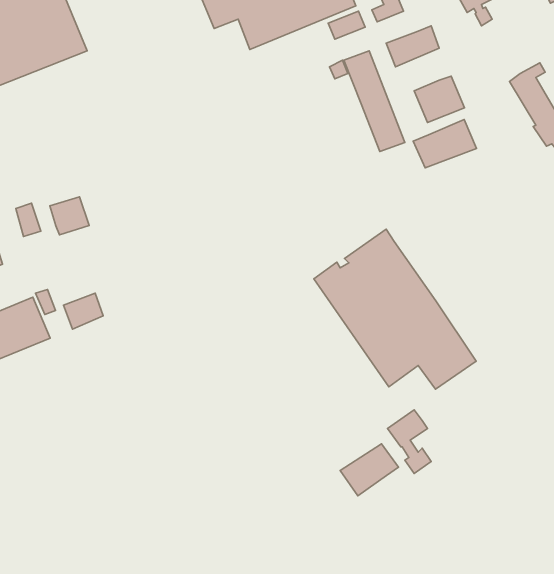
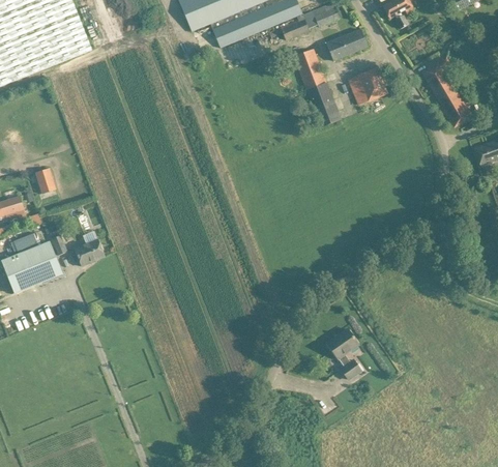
building: [413,119,476,168] -> none
building: [50,197,89,235] -> none
building: [314,229,476,389] -> none
building: [340,444,399,496] -> none

